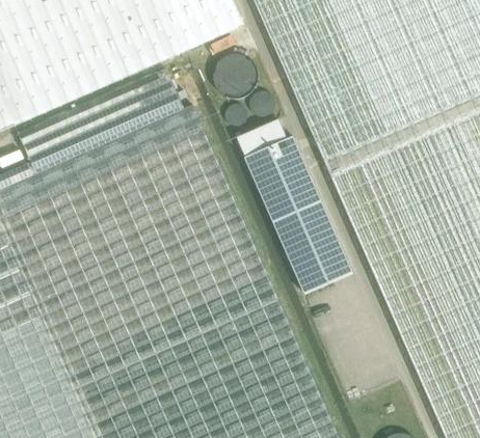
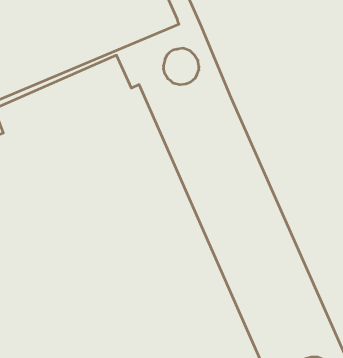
building: [237,120,352,295] -> none

